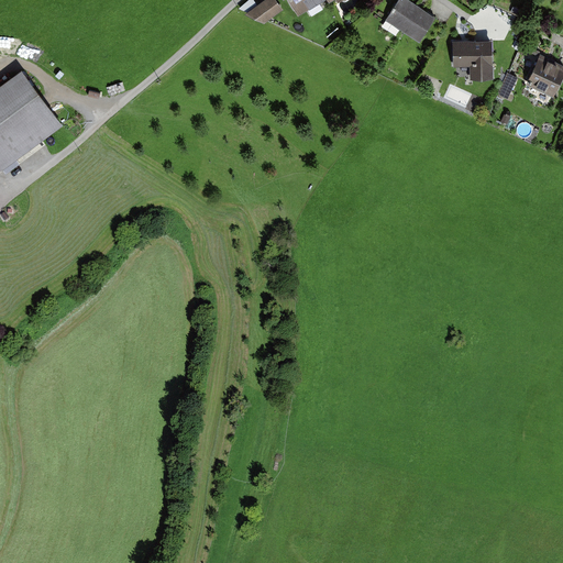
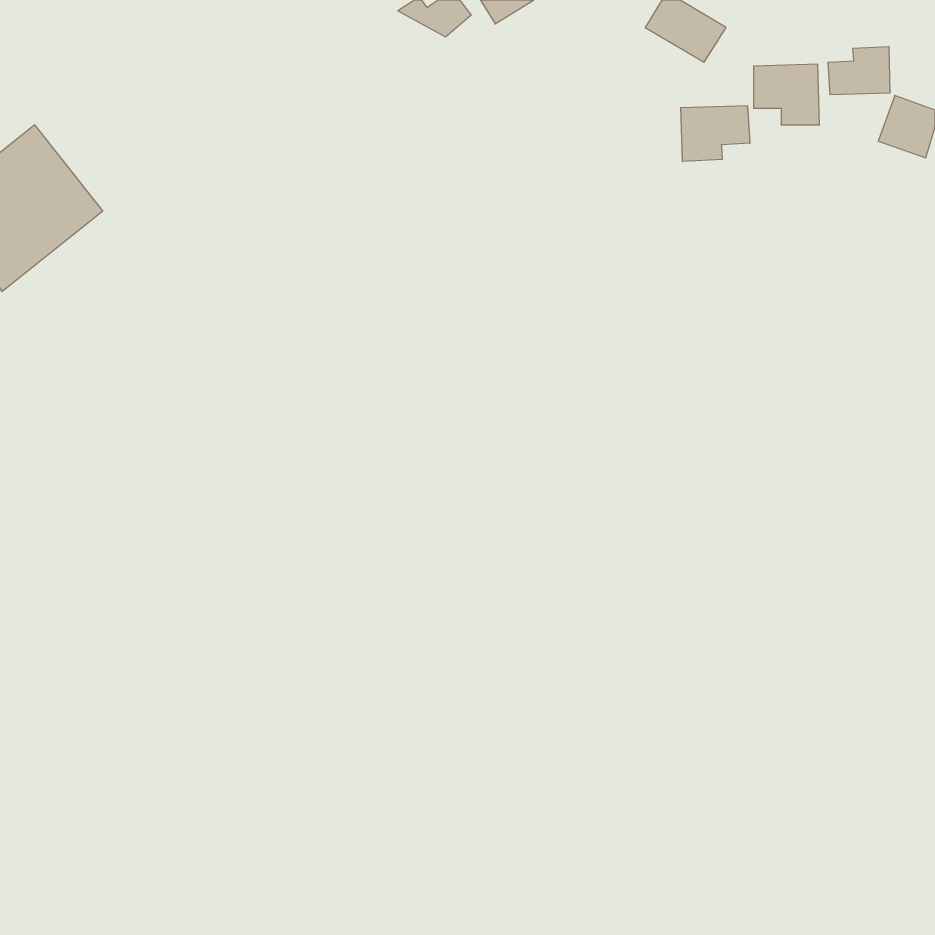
building: none -> [828,46,890,95]
building: none -> [681,106,750,162]

